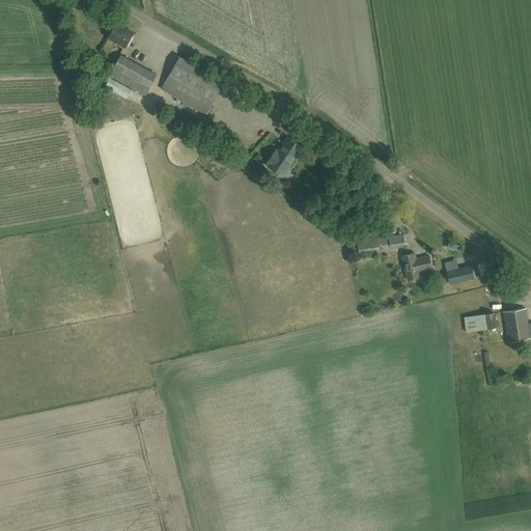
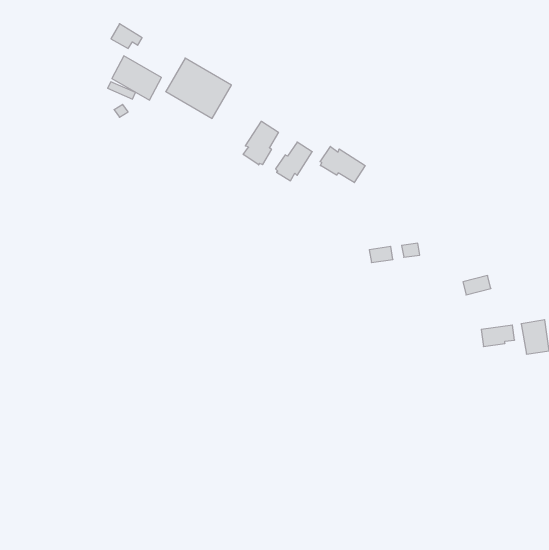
building: none -> [243,121,278,165]
building: none -> [320,146,365,183]
building: [401,253,430,280] -> none

